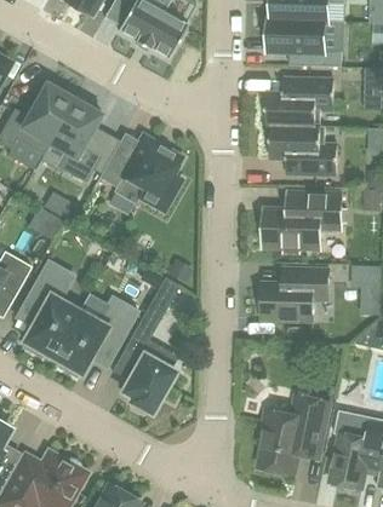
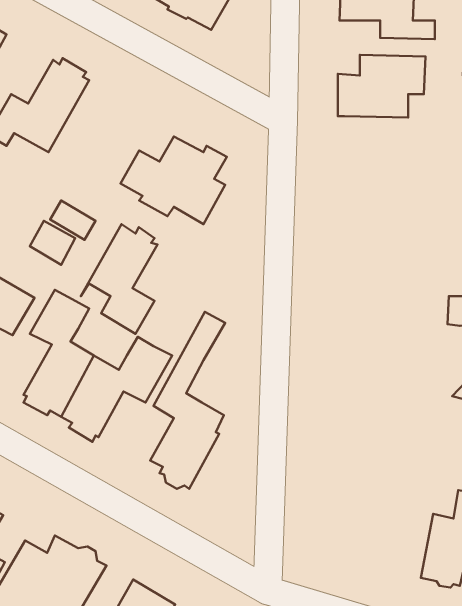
building: [42,98,102,183] -> [81,224,157,334]
building: [270,126,337,174] -> none
building: [263,194,342,252] -> none
building: [262,269,328,319] -> none
building: [258,391,330,474] -> none

